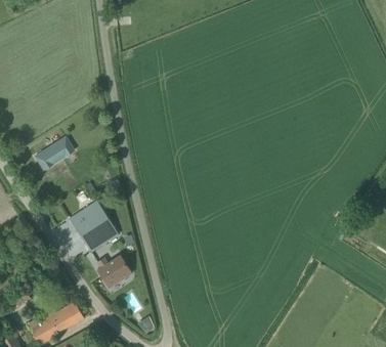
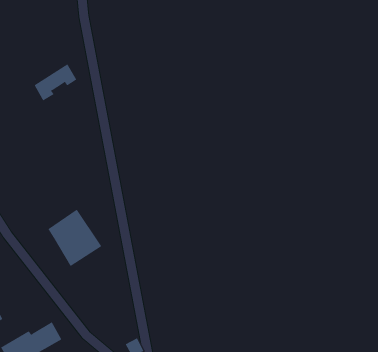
building: [35,136,74,170] -> [34,63,77,101]
building: [96,256,131,288] -> none

